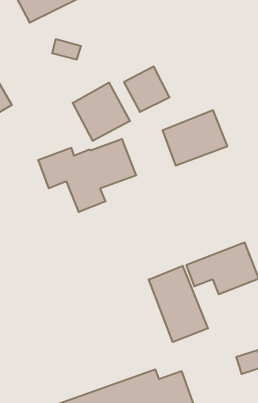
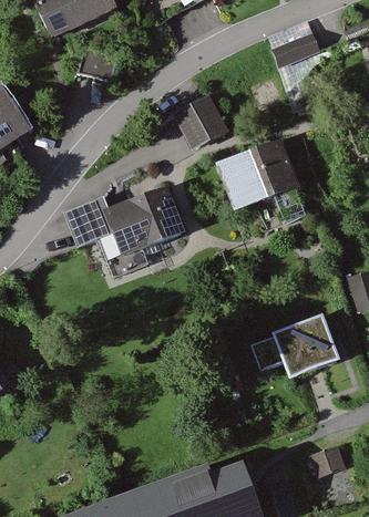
building: none -> [273,33,322,72]
building: [73,83,130,141] -> none
building: [149,266,208,342] -> none

